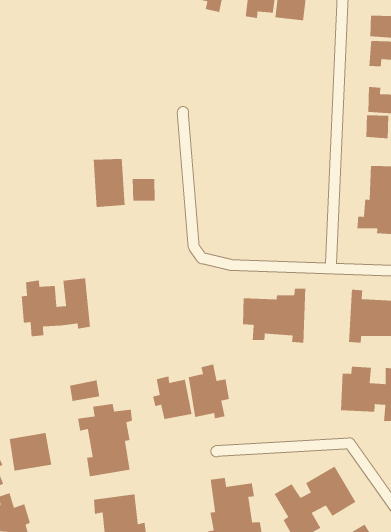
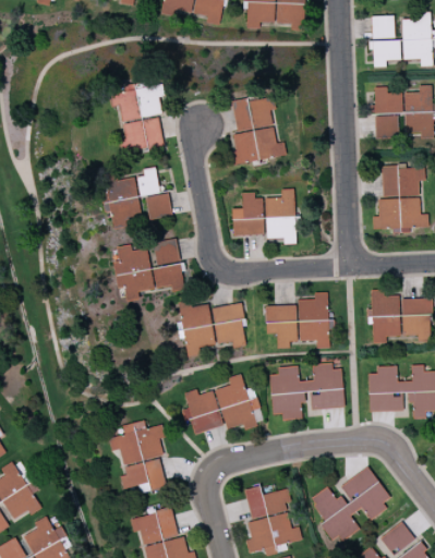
building: none -> [110,83,165,151]
building: none -> [232,96,287,165]
building: none -> [136,167,160,197]
building: none -> [232,189,297,244]
building: [21,278,91,337] -> [113,239,185,302]
building: none -> [179,301,245,357]
building: none -> [270,363,345,421]
building: [69,380,100,402] -> none
building: [9,432,52,471] -> none

